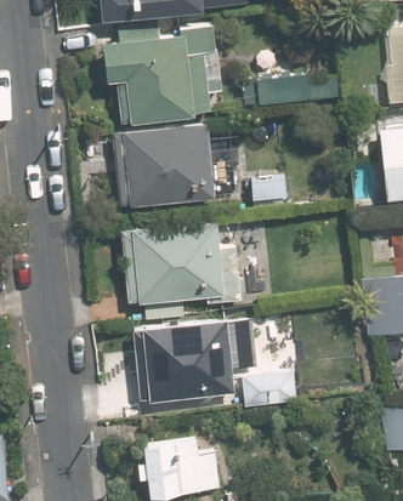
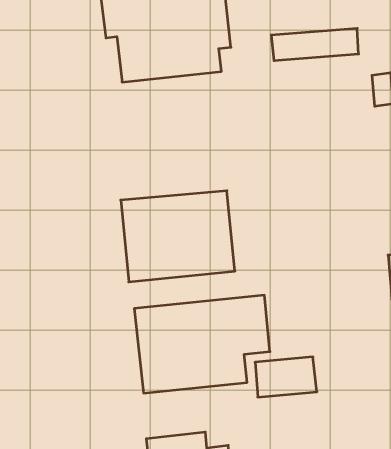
building: [113,121,217,209] -> none

